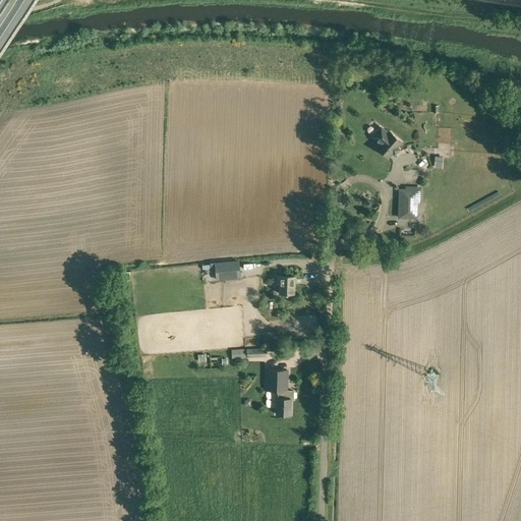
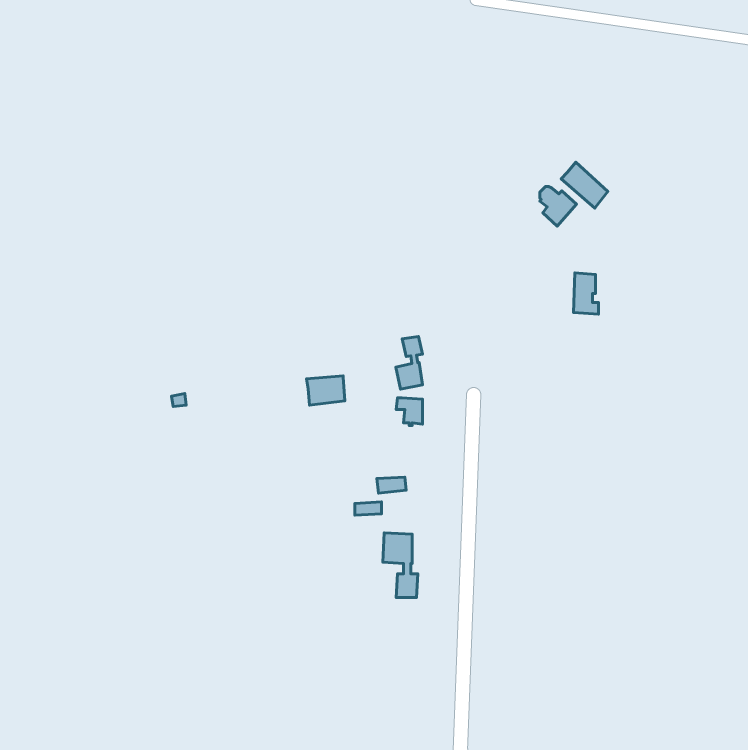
building: none -> [561,162,608,208]
building: none -> [396,336,422,389]

